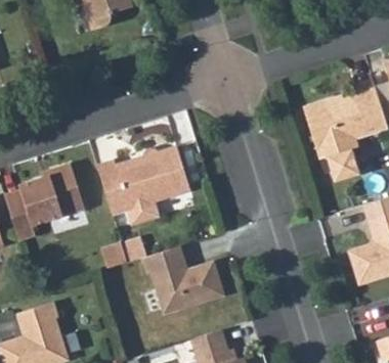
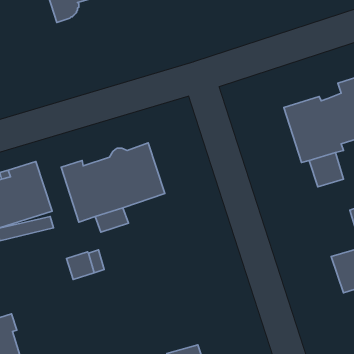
building: [143,246,223,313] -> none

